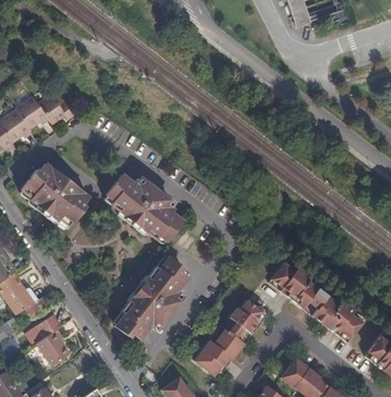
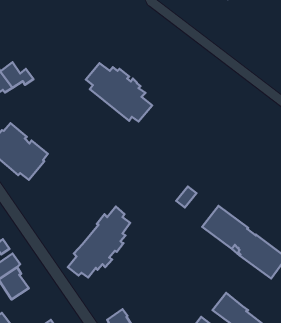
building: [109,178,184,244] -> [86,63,152,122]
building: [192,299,266,377] -> none

